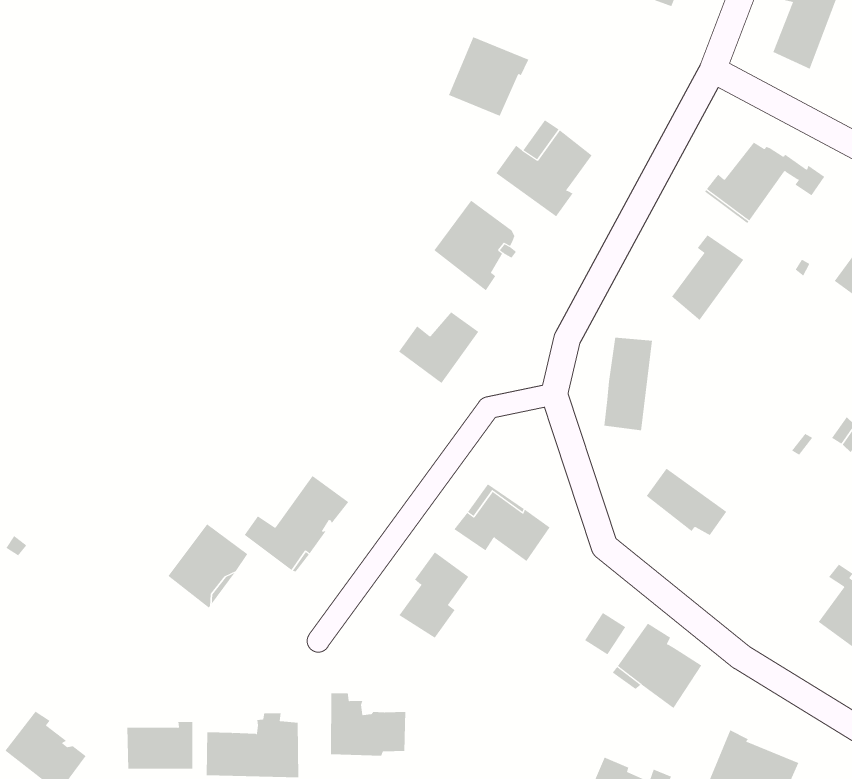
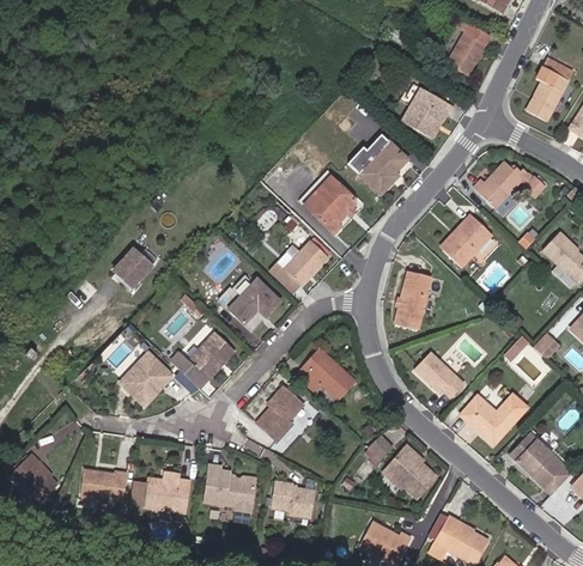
building: [448,37,529,117] -> [401,86,453,136]
building: none -> [115,248,152,285]
building: none -> [226,279,280,324]
building: none -> [461,394,528,444]
building: none -> [271,480,315,516]

